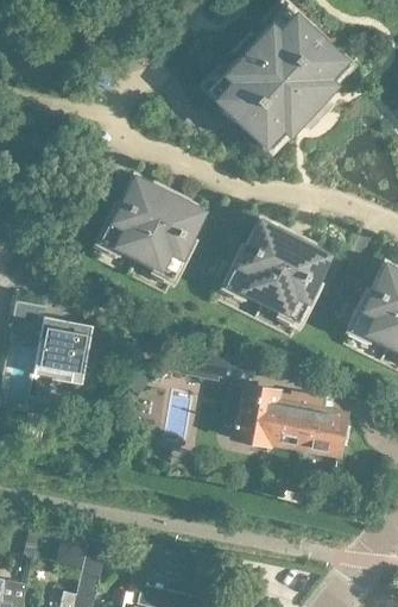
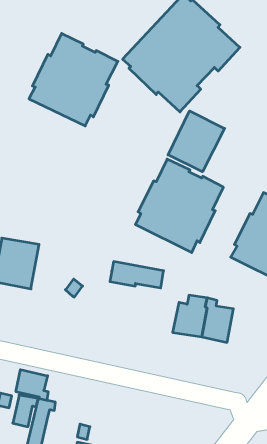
building: none -> [168,111,225,172]
building: [93,173,209,294] -> [29,33,118,126]
building: [230,387,326,446] -> none
building: none -> [16,370,48,400]

